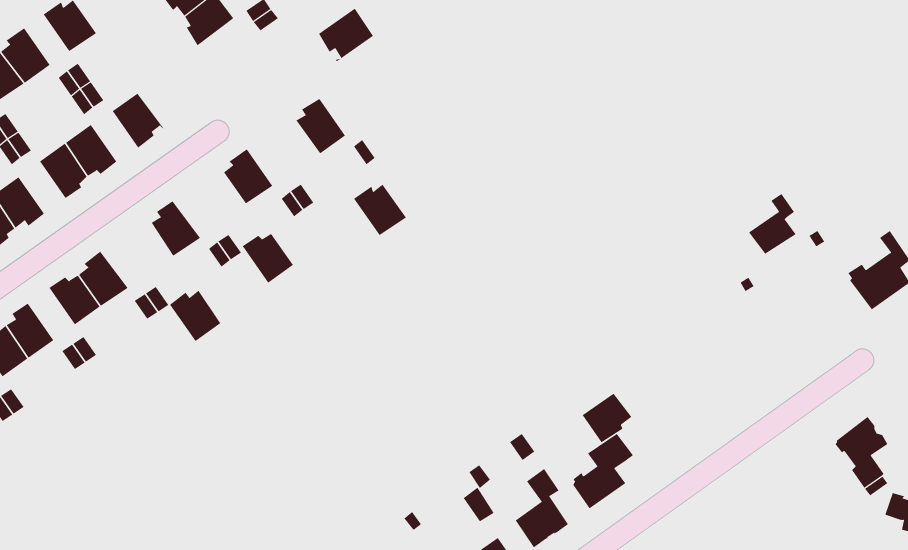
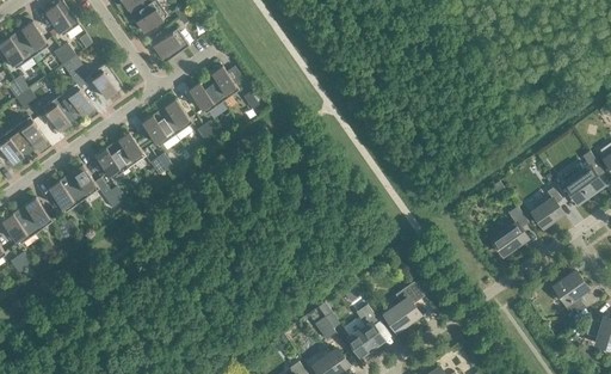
building: [318,8,374,62] -> [153,29,189,63]
building: [353,184,407,236] -> [187,81,222,115]
building: [748,193,797,255] -> [531,188,562,227]
building: [242,233,294,283] -> [141,115,174,147]
building: [169,290,221,342] -> [94,147,128,180]
building: none -> [492,207,527,256]
building: [582,393,632,443] -> none

